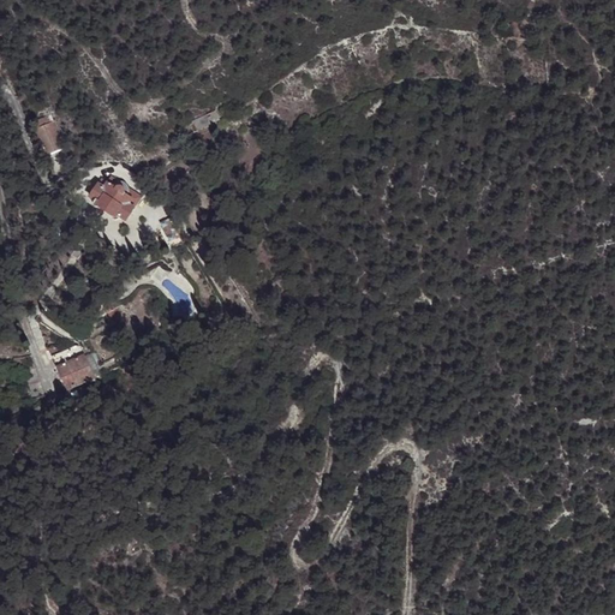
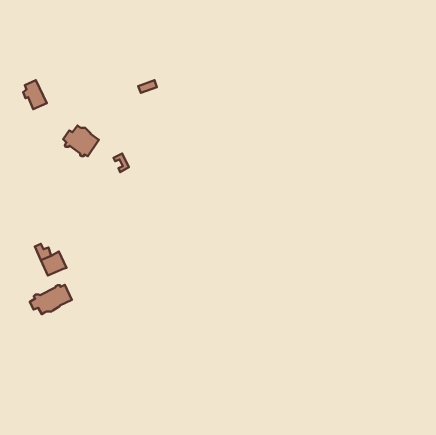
building: none -> [30,285,72,314]

